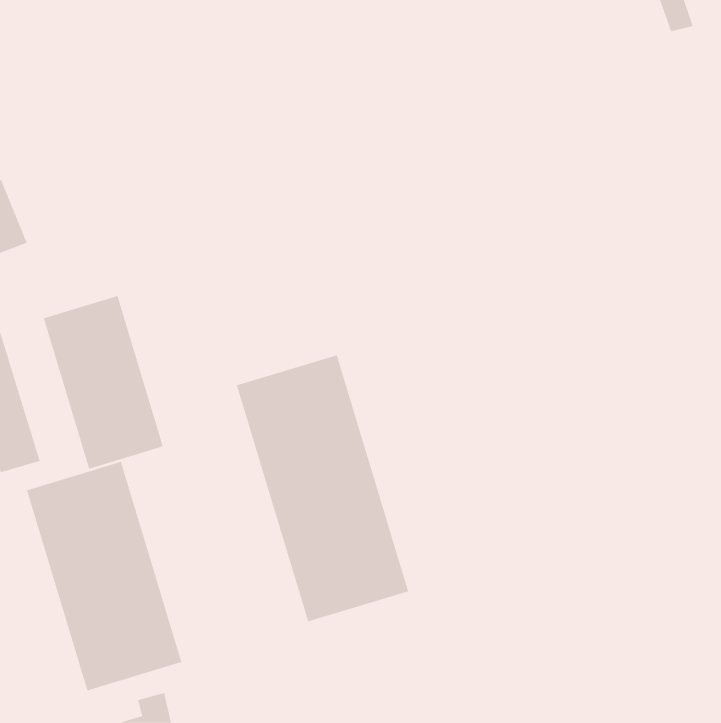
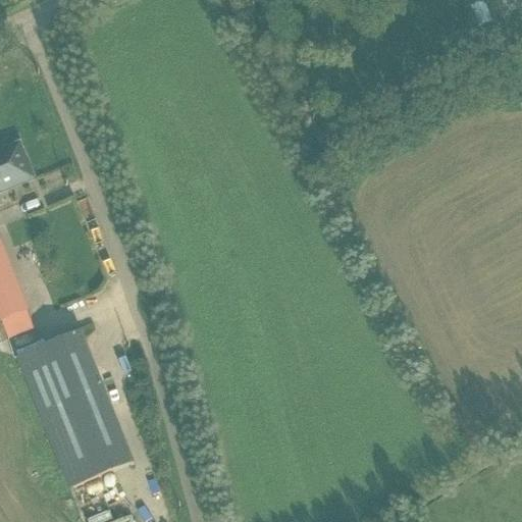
building: [43,295,164,469] -> none
building: [236,354,409,622] -> none

